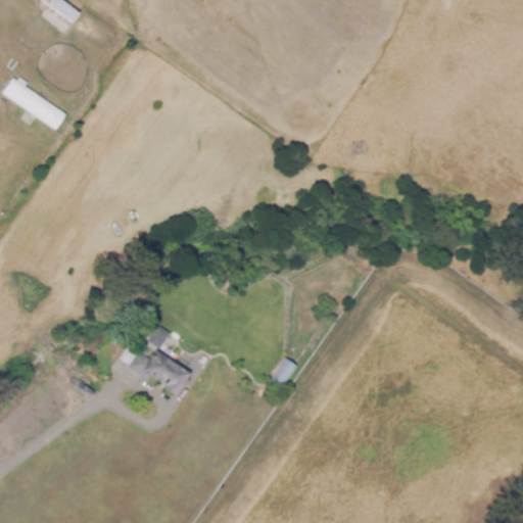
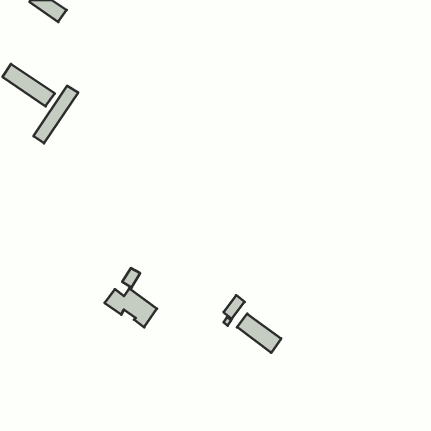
building: none -> [34,86,78,143]
building: none -> [237,314,281,353]

